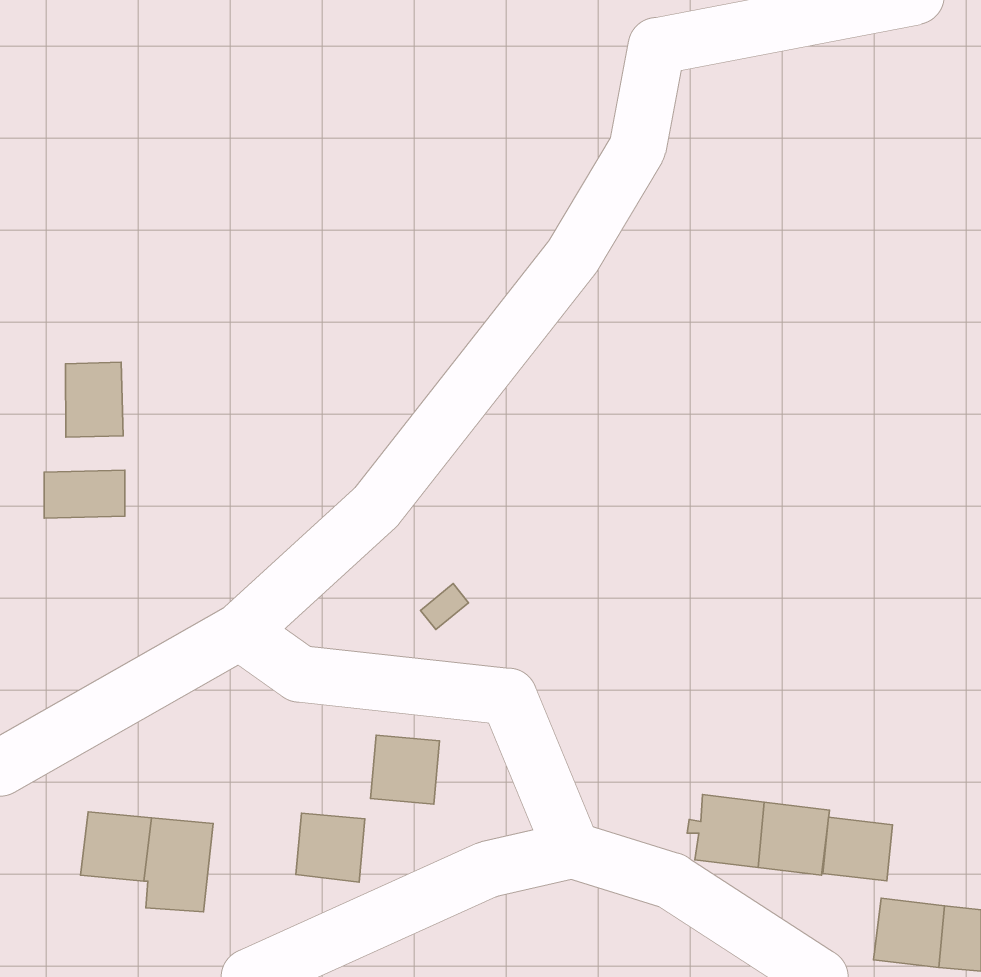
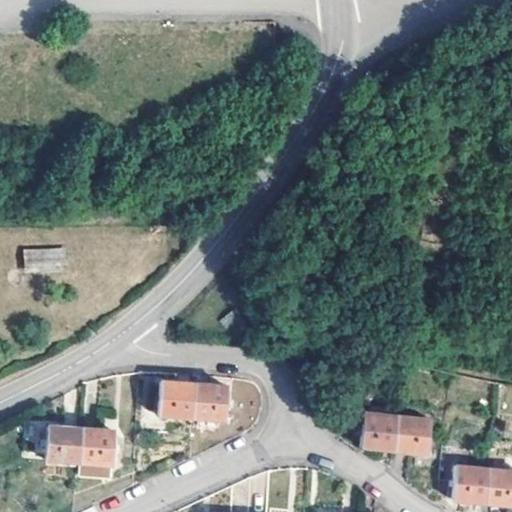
building: [65,362,123,437] -> none
building: [296,813,365,882] -> [160,380,196,416]
building: [823,817,893,881] -> none

